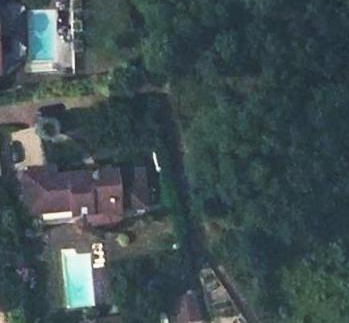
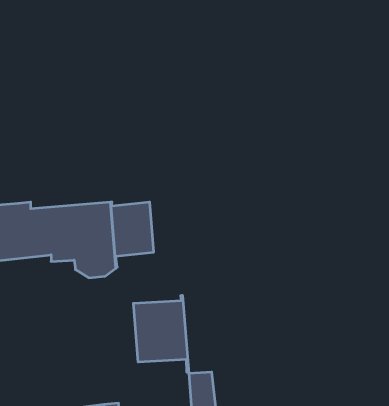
building: none -> [133,295,189,374]

